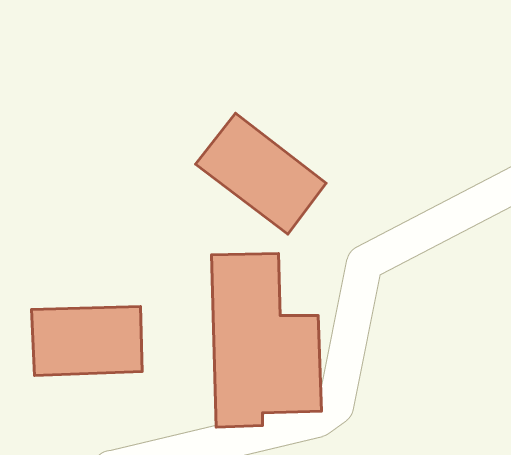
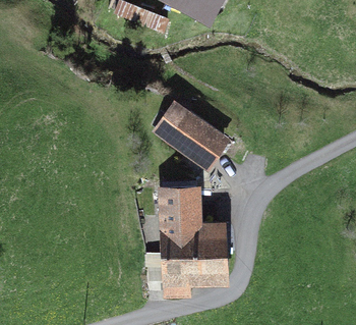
building: [32,306,142,375] -> none

